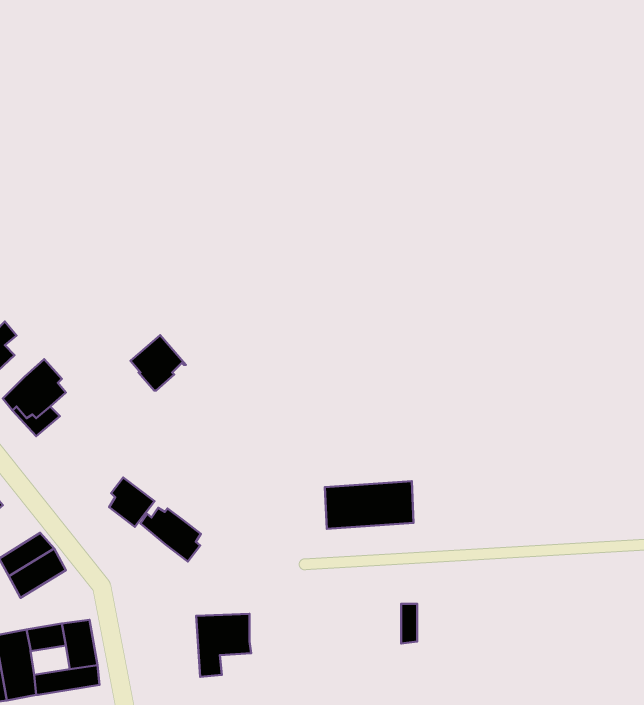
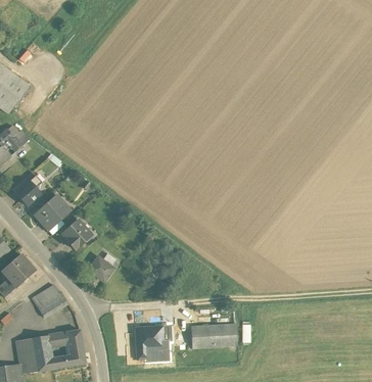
building: [131,335,186,390] -> [62,220,91,248]
building: [325,481,414,529] -> [191,323,237,347]
building: [140,508,201,562] -> none

